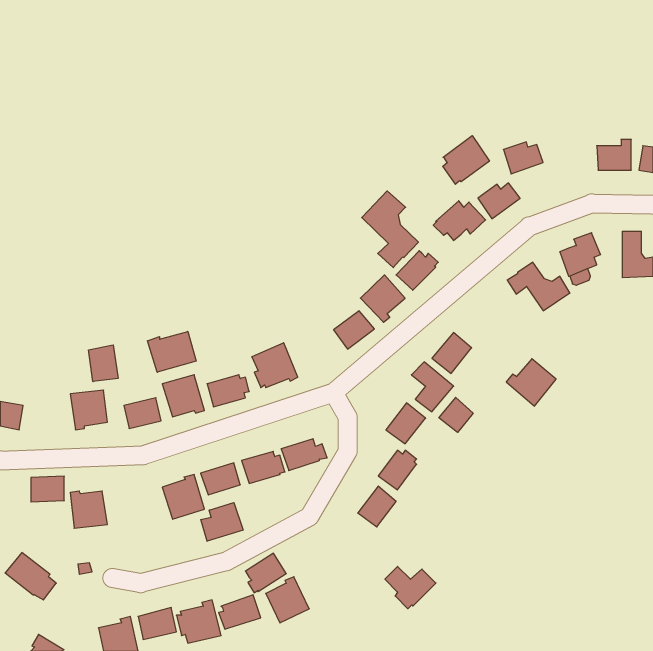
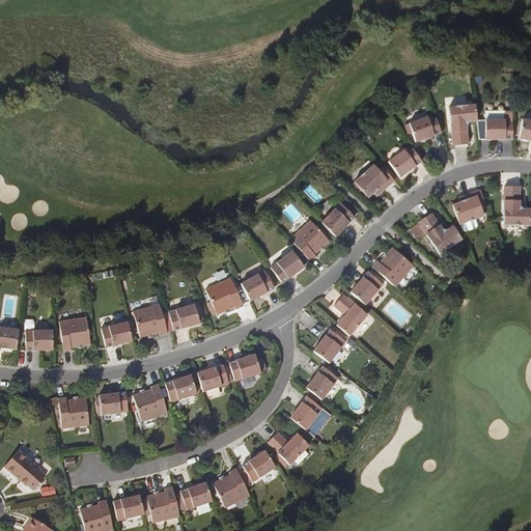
building: none -> [448,103,476,144]
building: [443,136,489,184] -> none
building: [362,191,418,268] -> none
building: [147,331,196,372] -> none
building: none -> [240,271,273,301]
building: [89,345,118,382] -> none
building: [506,359,556,406] -> [373,247,414,285]
building: [439,397,473,432] -> none
building: [31,476,64,502] -> [25,329,52,350]
building: none -> [94,392,127,415]
building: [201,503,243,541] -> none
building: [245,553,286,593] -> [244,449,277,481]
building: [385,566,436,609] -> [268,429,309,464]

